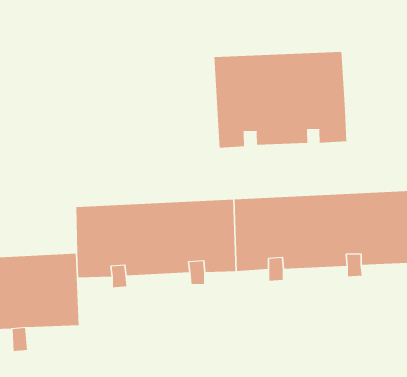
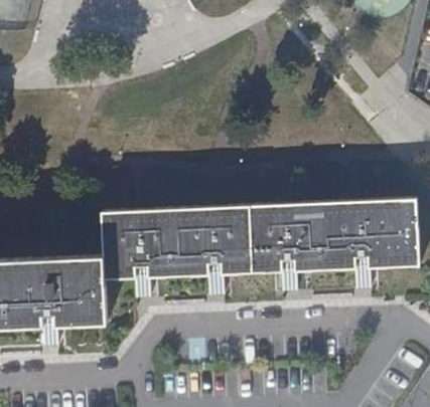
building: [214,51,347,148] -> none

